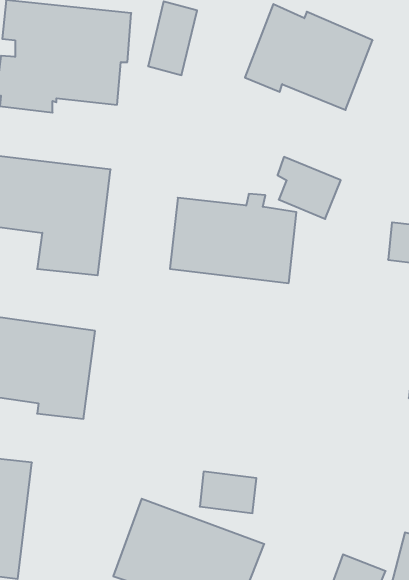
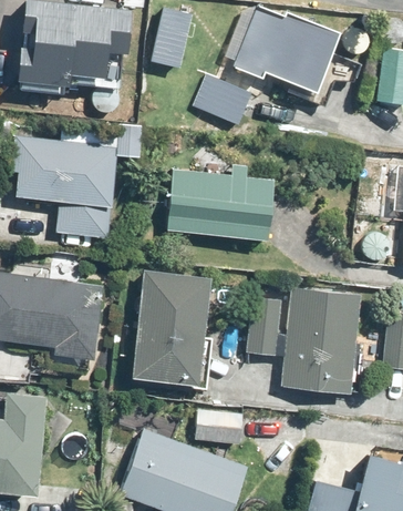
building: [277,157,341,219] -> [197,70,251,123]
building: none -> [131,274,213,390]
building: none -> [245,287,359,394]

